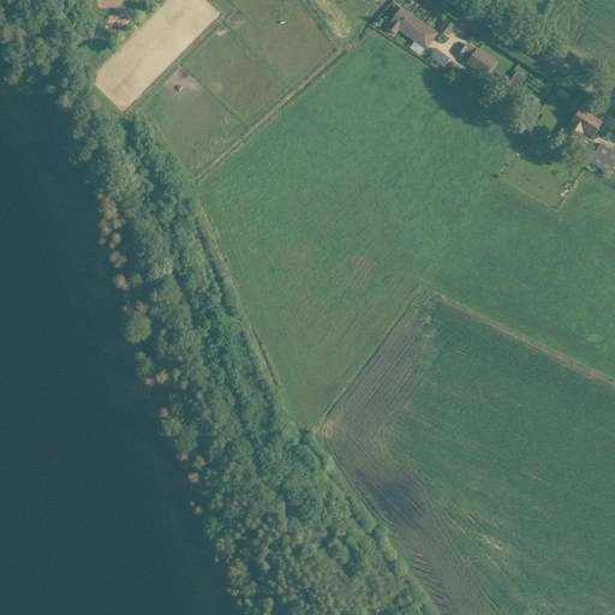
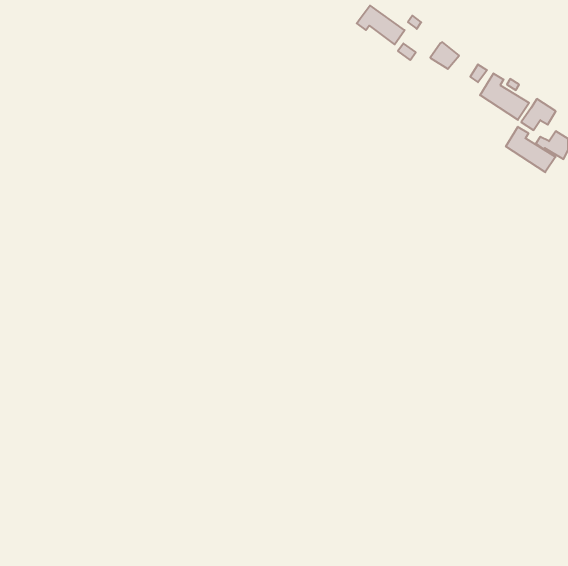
building: none -> [480,73,529,120]
building: none -> [506,127,556,172]

